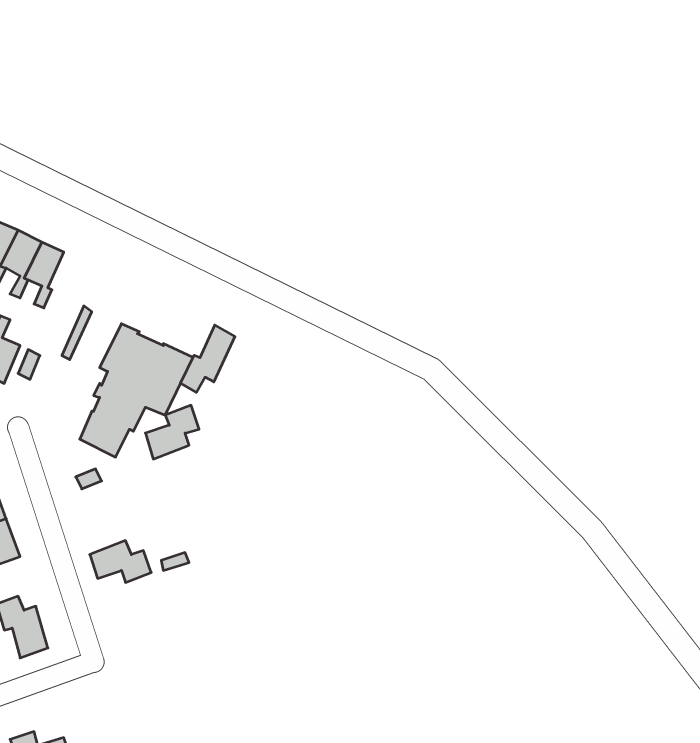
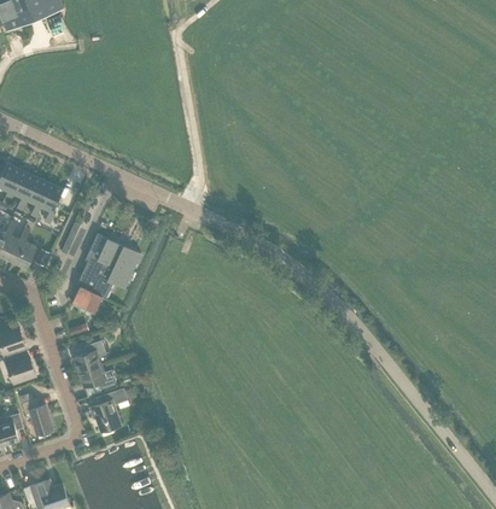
building: [181,325,235,392] -> none
building: [145,405,199,459] -> [72,339,105,371]
building: none -> [89,386,127,429]

